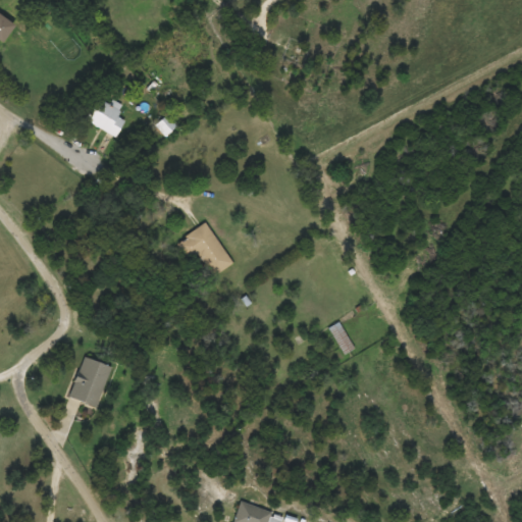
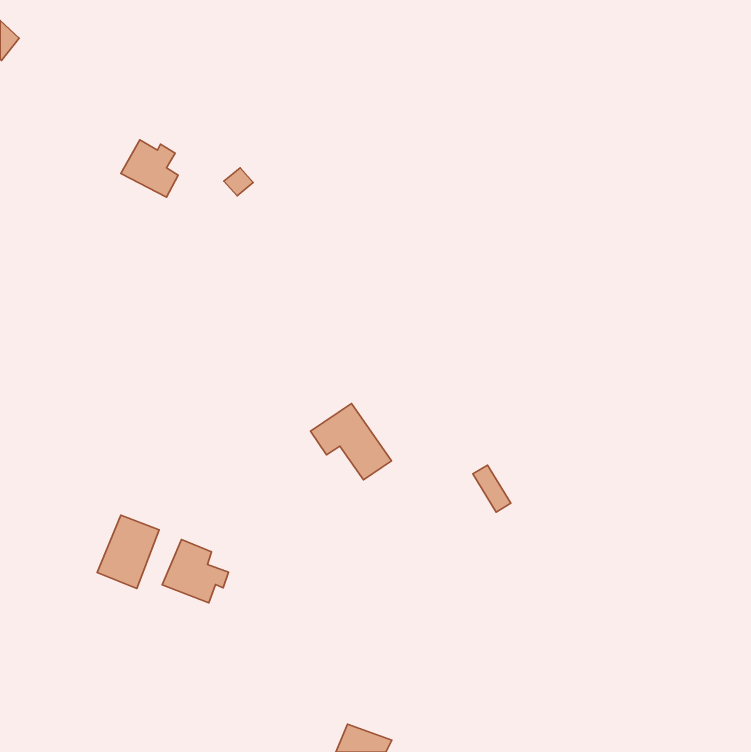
building: [177,223,233,276] -> [310,403,391,480]
building: none -> [162,540,228,603]

